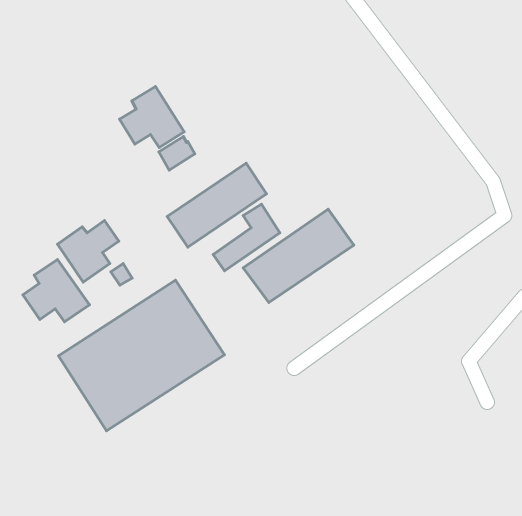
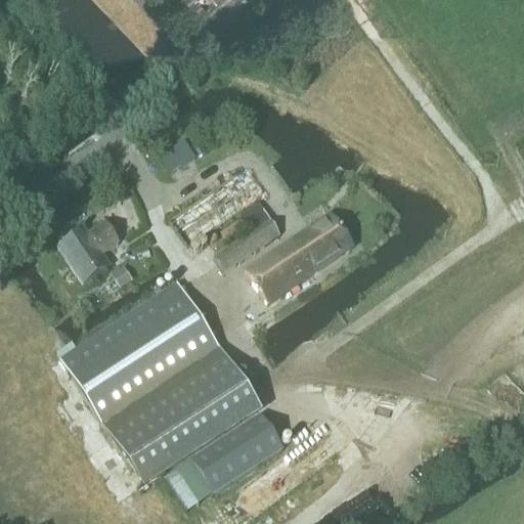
building: [120,87,184,148] -> none
building: [23,260,89,322] -> none
building: none -> [108,354,285,509]

